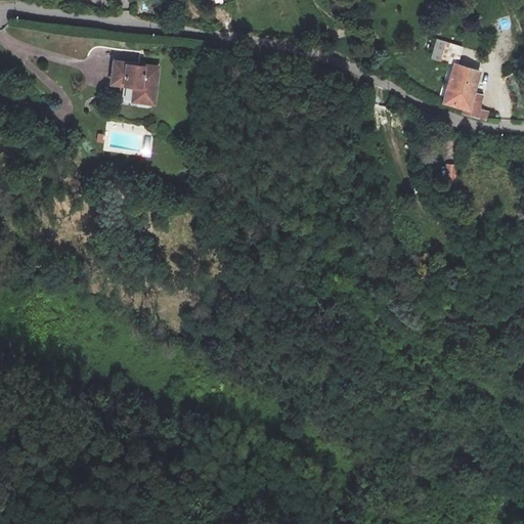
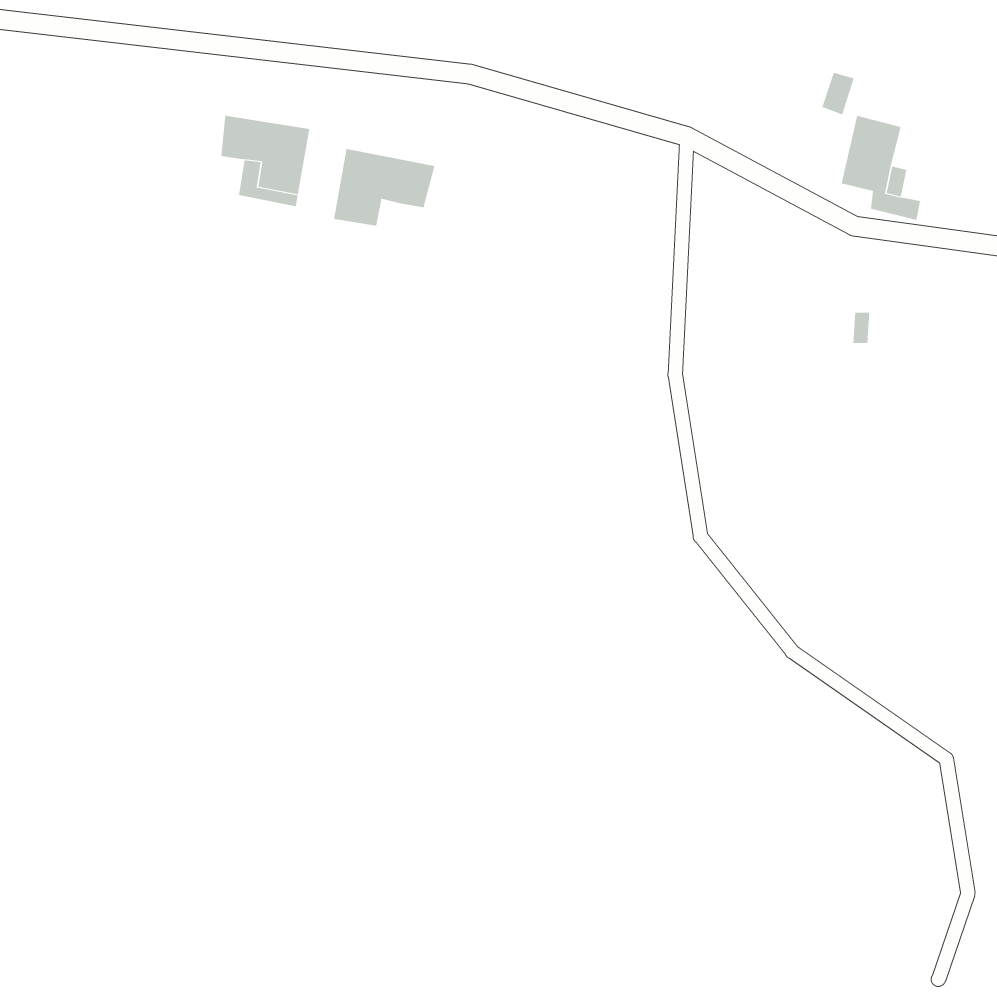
building: none -> [333,148,435,226]

